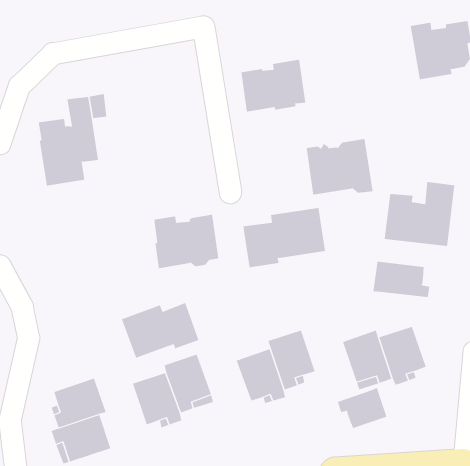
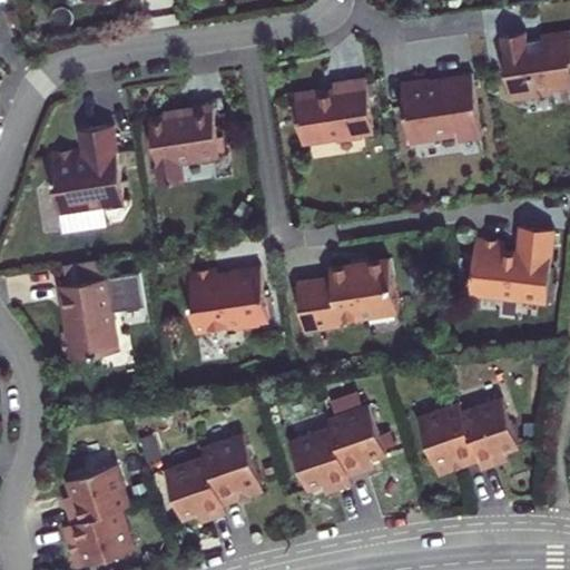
building: none -> [147,104,218,184]
building: [306,139,373,195] -> [399,75,480,142]
building: none -> [58,273,144,360]
building: [373,261,430,298] -> none
building: [121,302,199,358] -> none
building: [337,387,387,429] -> none

